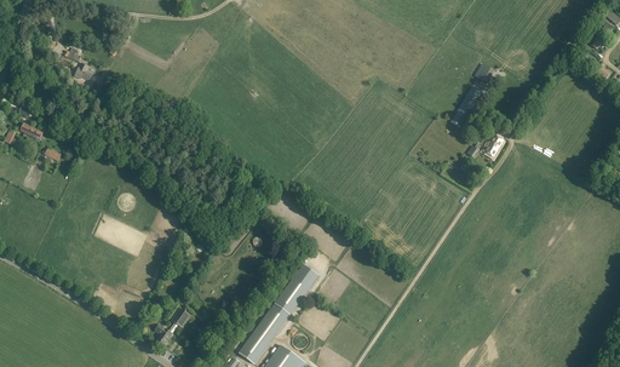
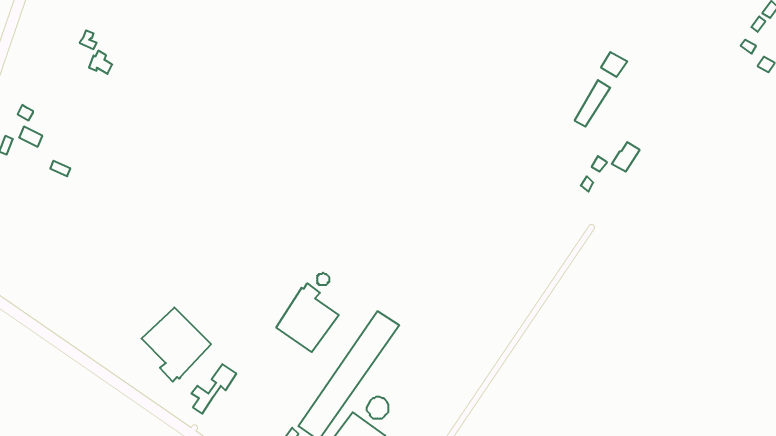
building: none -> [276,283,339,352]
building: none -> [141,307,211,382]

